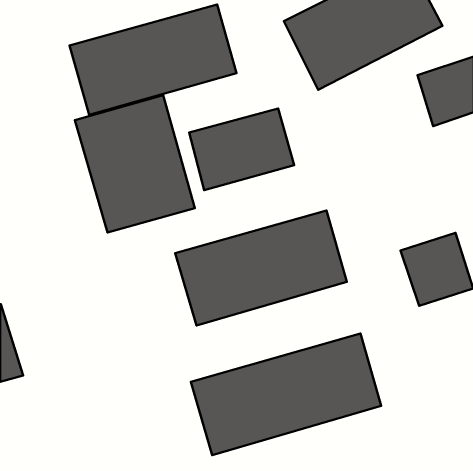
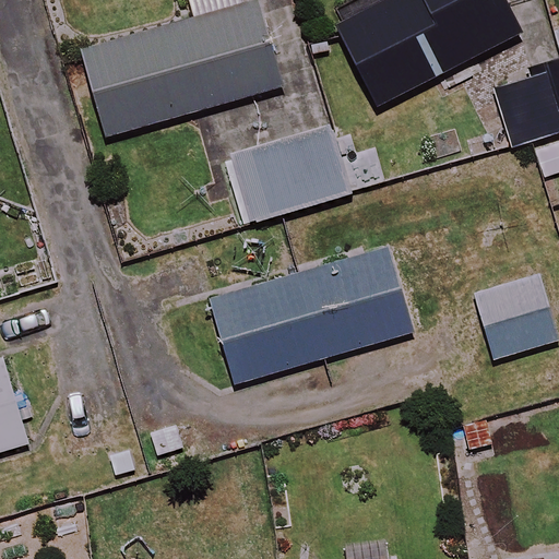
building: [75,95,195,232] -> none
building: [191,333,381,455] -> none

